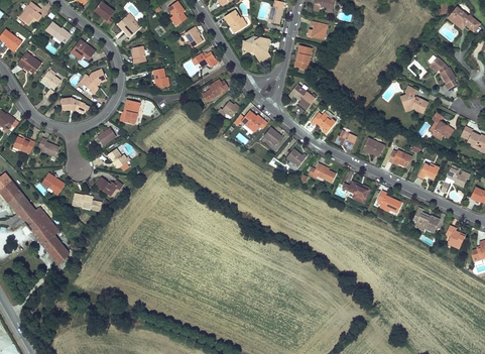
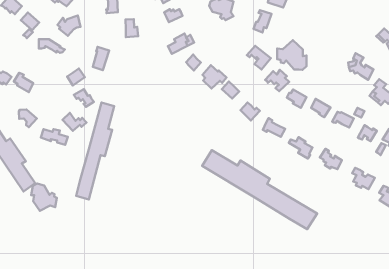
building: none -> [277,40,307,70]
building: none -> [76,103,114,200]
building: none -> [202,150,317,229]
building: none -> [31,183,57,211]

